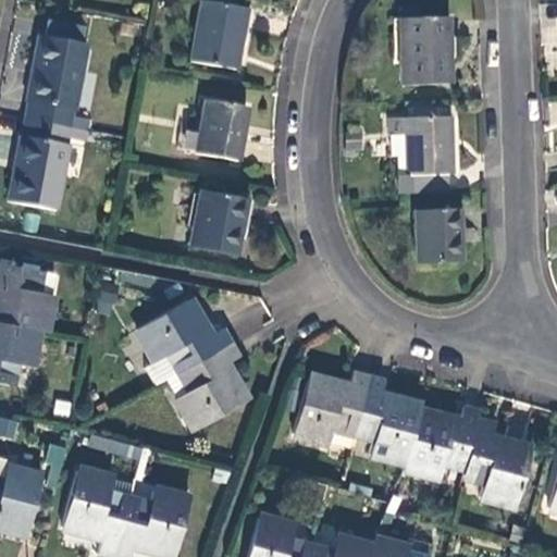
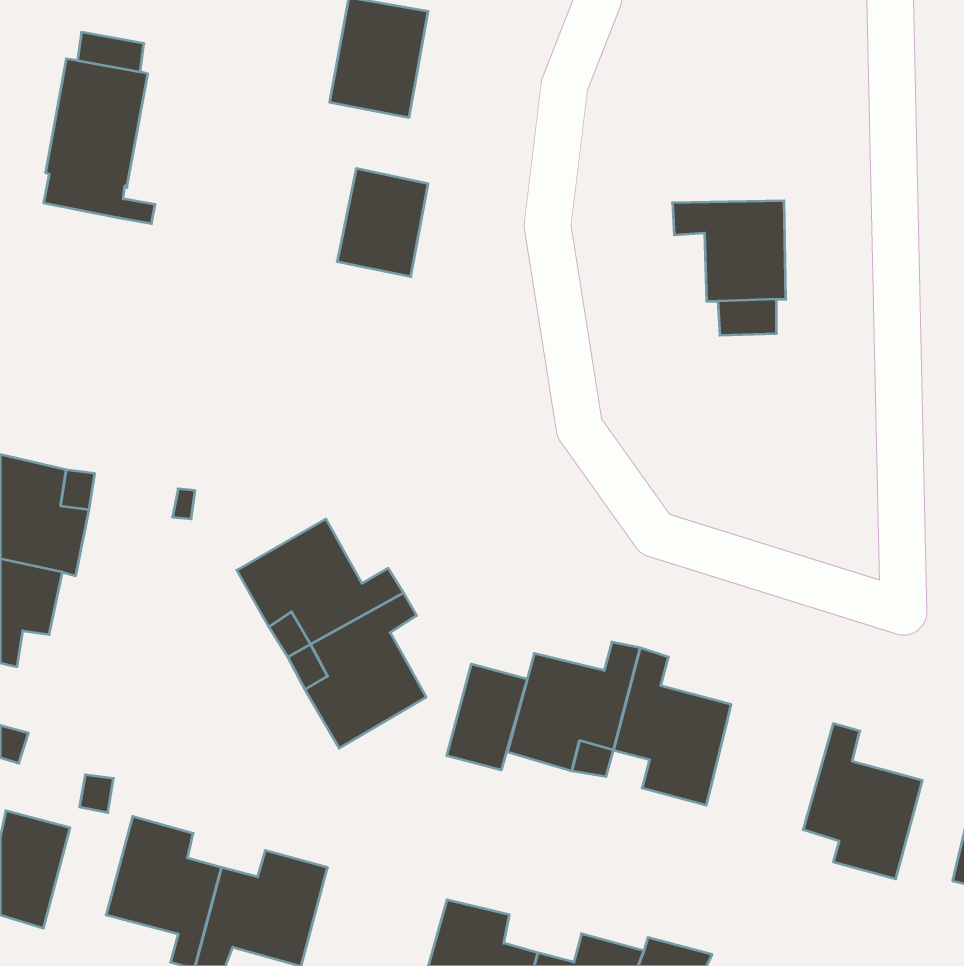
building: [399,15,451,84] -> none
building: [10,116,71,208] -> none
building: [191,189,247,252] -> none
building: [417,208,461,262] -> none
building: none -> [447,664,527,770]
building: [406,404,482,480] -> none

